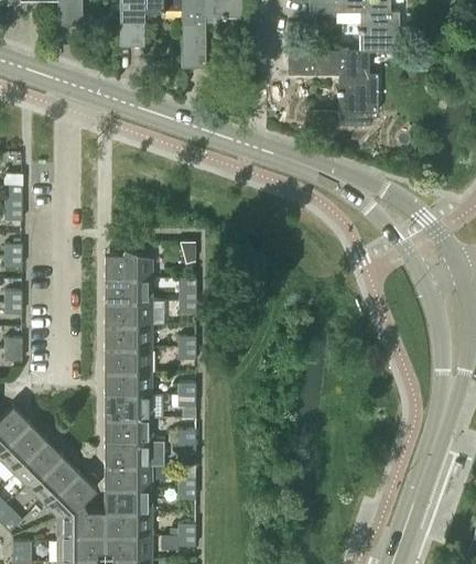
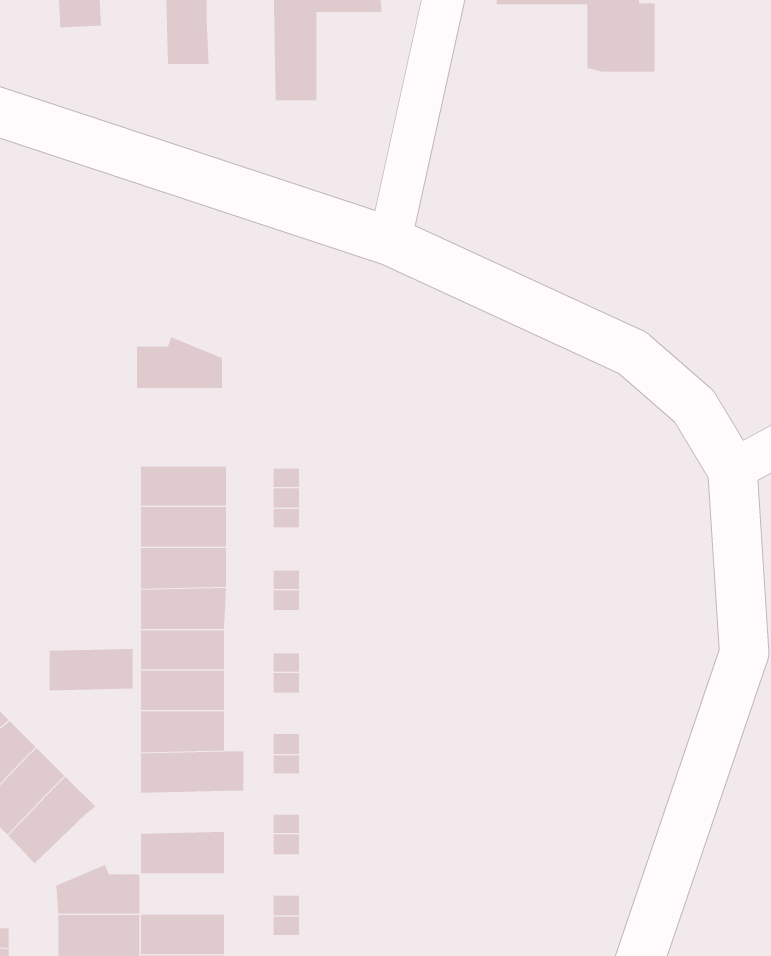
building: [288,48,378,112] -> none
building: [105,247,154,276] -> [136,337,223,388]
building: [105,463,153,487] -> [49,648,133,691]
building: [44,471,96,517] -> none
building: [105,510,153,533] -> none

